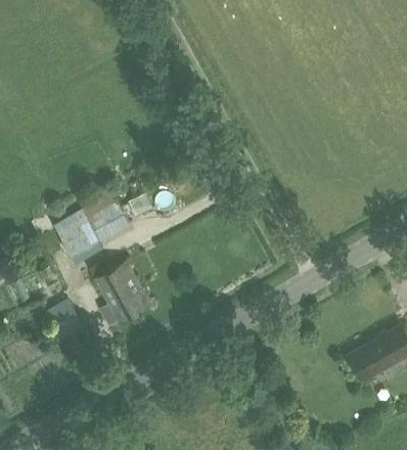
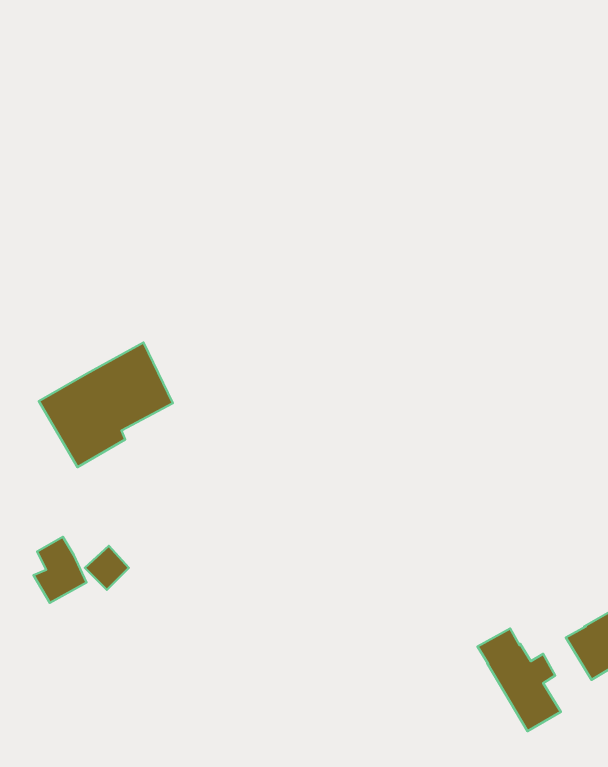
building: [94,264,149,327] -> none
building: none -> [478,628,561,731]

